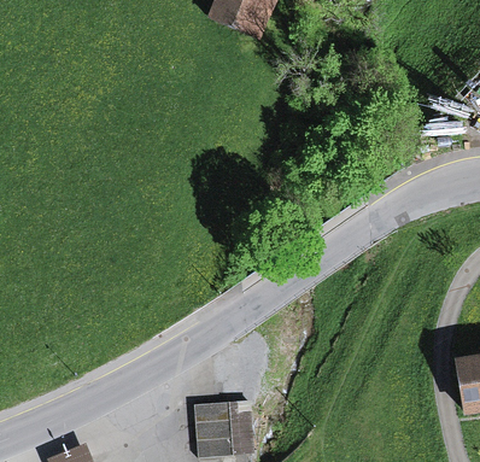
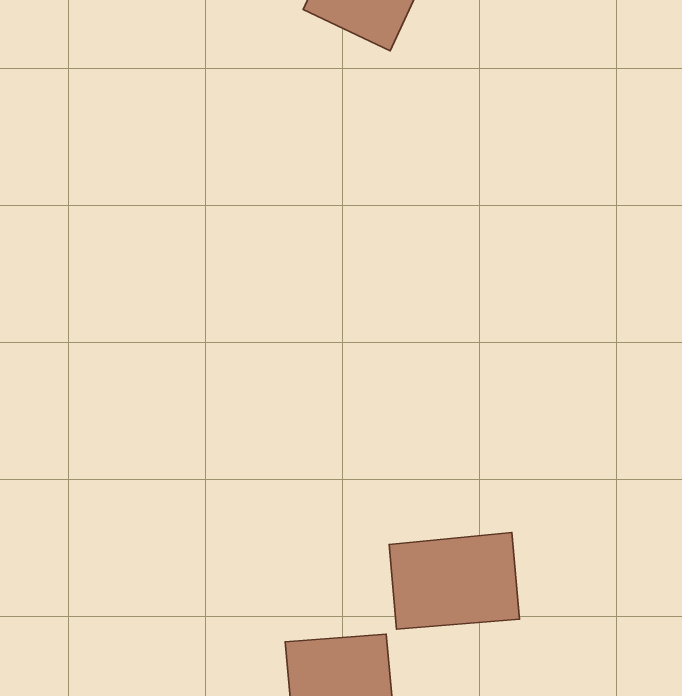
building: none -> [389,533,520,629]

